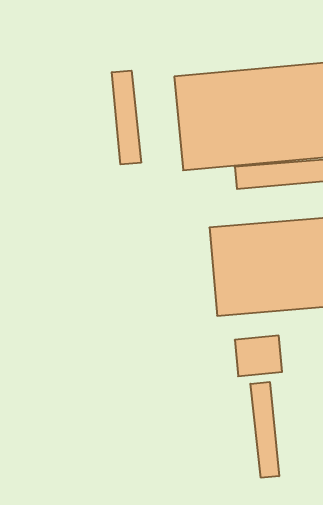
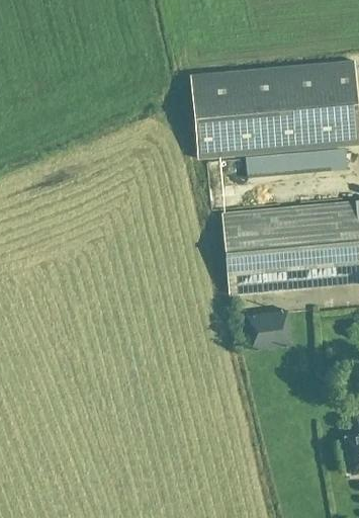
building: [112,71,141,164] -> none
building: [250,382,279,478] -> none

